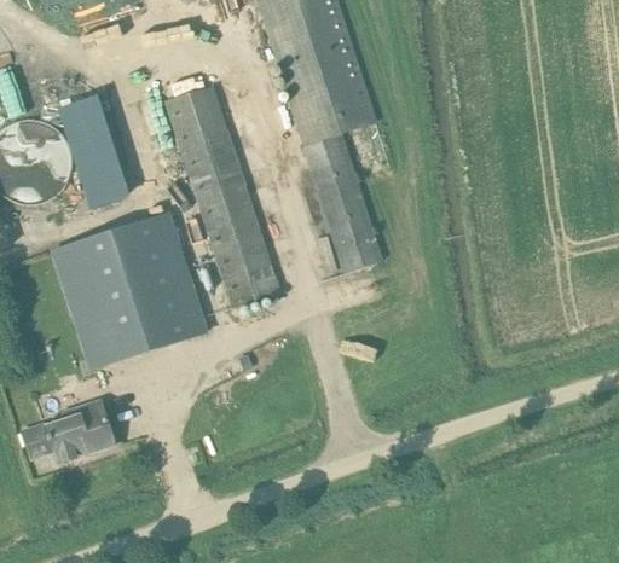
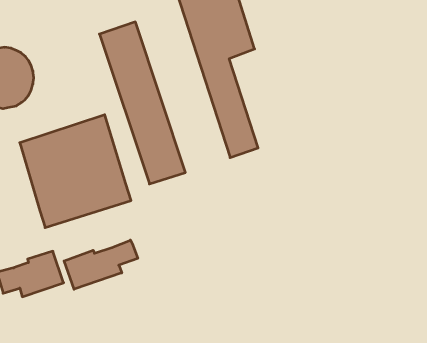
building: [63,91,137,208] -> none
building: none -> [64,240,138,289]

